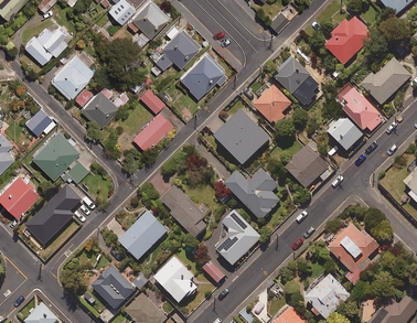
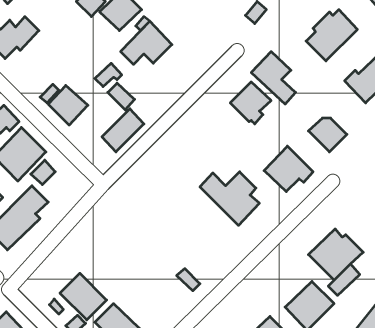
building: [179,51,226,96] -> none
building: [49,52,95,99] -> none
building: [332,83,383,131] -> none
building: [215,110,270,165] -> none
building: [160,185,207,238] -> none
building: [118,211,168,260] -> none
building: [217,211,261,266] -> none
building: [154,257,199,303] -> none

